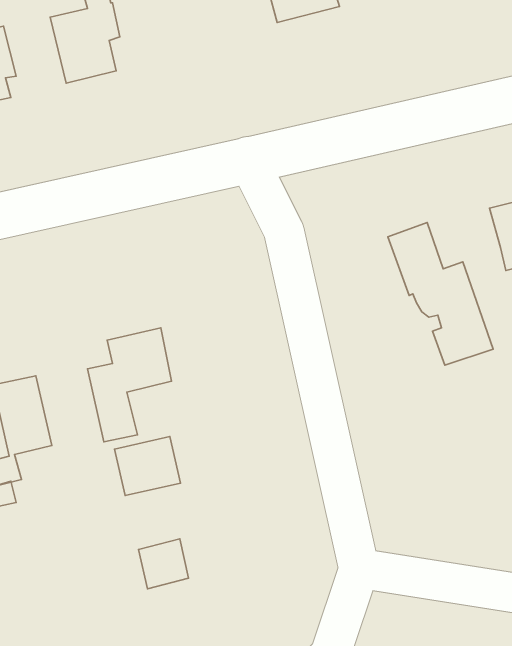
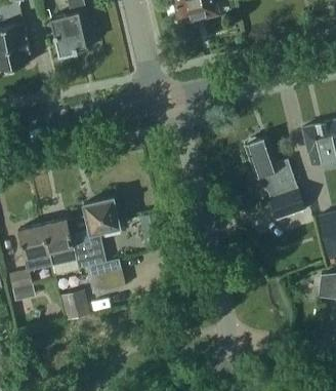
building: none -> [42,219,76,265]
building: [139,539,189,589] -> [60,290,89,319]

